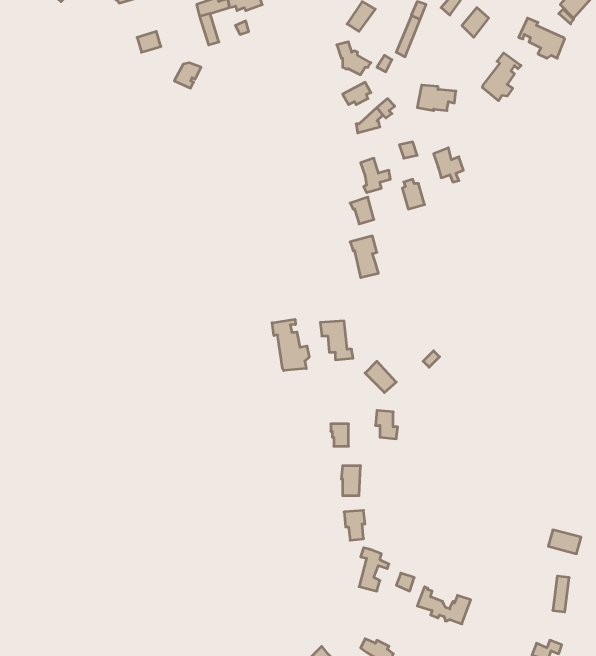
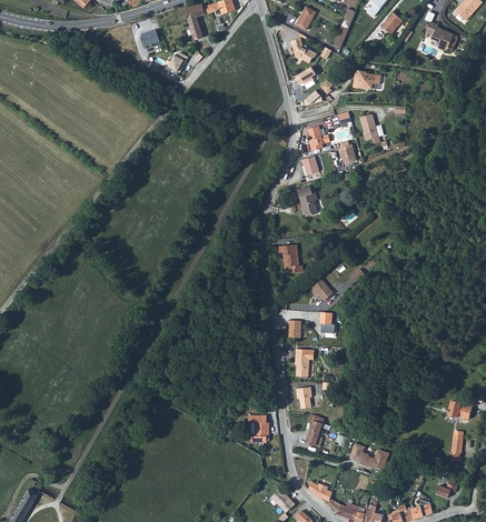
building: [482,53,521,101] -> none
building: [272,319,309,371] -> none
building: none -> [248,416,268,443]

